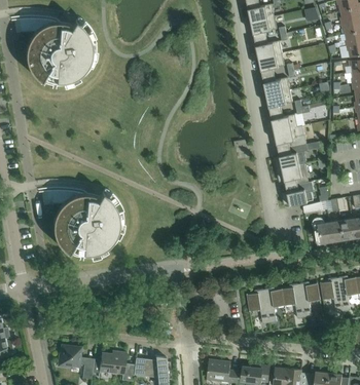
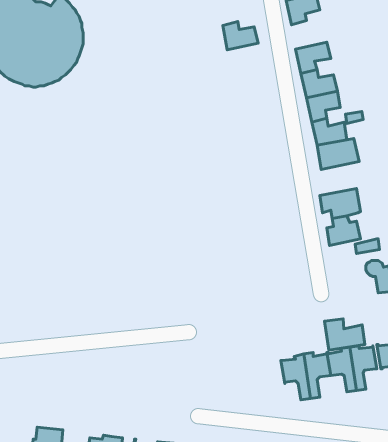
building: [255,37,282,59] -> [223,21,258,50]
building: [274,144,308,169] -> none
building: [38,188,123,259] -> none
building: none -> [324,319,365,350]

